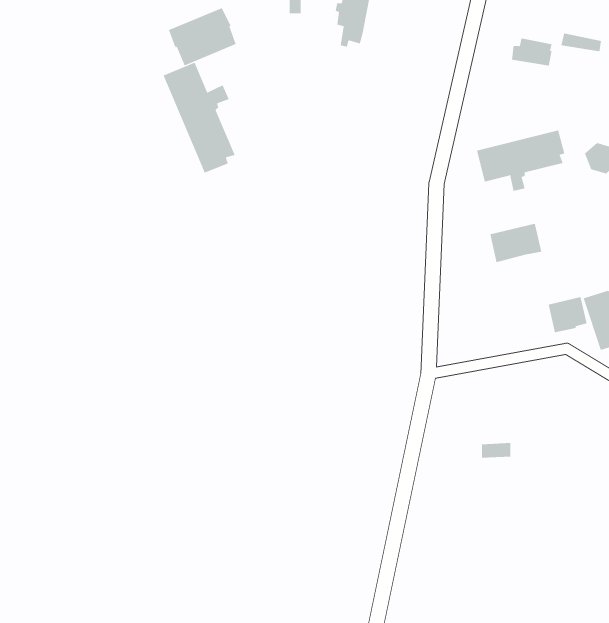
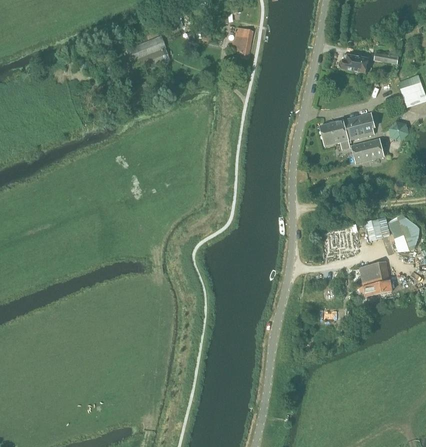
building: [163,62,235,173] -> none
building: [490,223,542,263] -> [350,137,383,162]
building: none -> [359,260,391,295]

